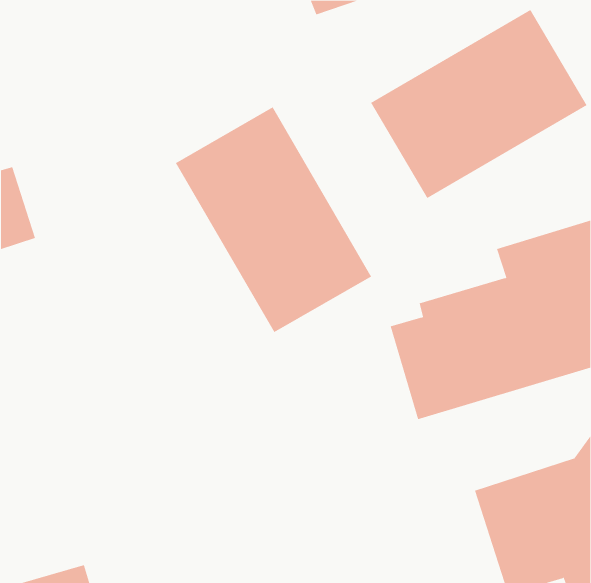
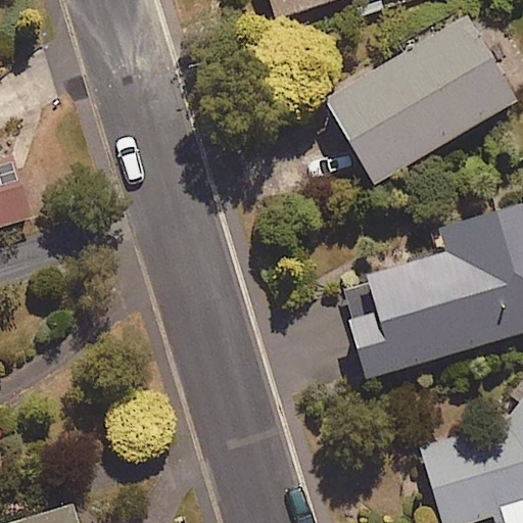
building: [175,107,372,333] -> none

